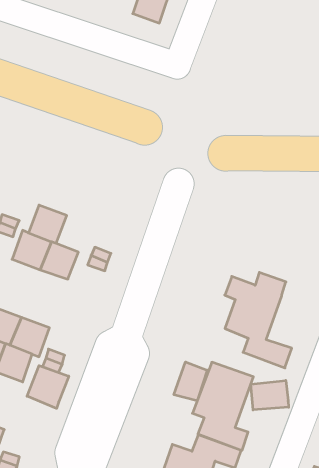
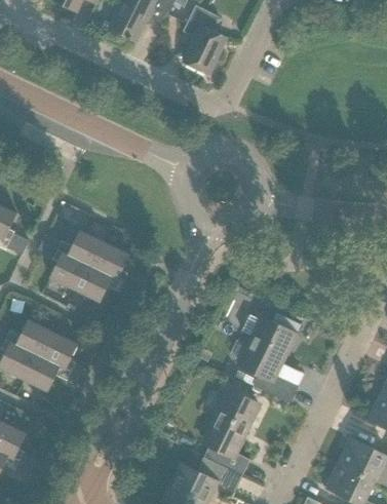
building: none -> [92,242,129,279]
building: [174,362,207,401] -> none
building: [27,366,69,408] -> none
building: [251,380,289,410] -> none

